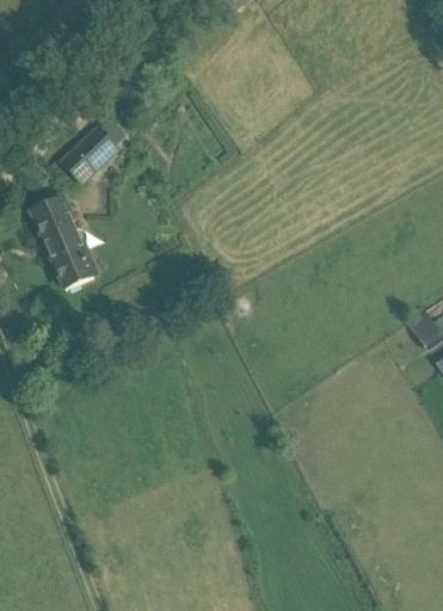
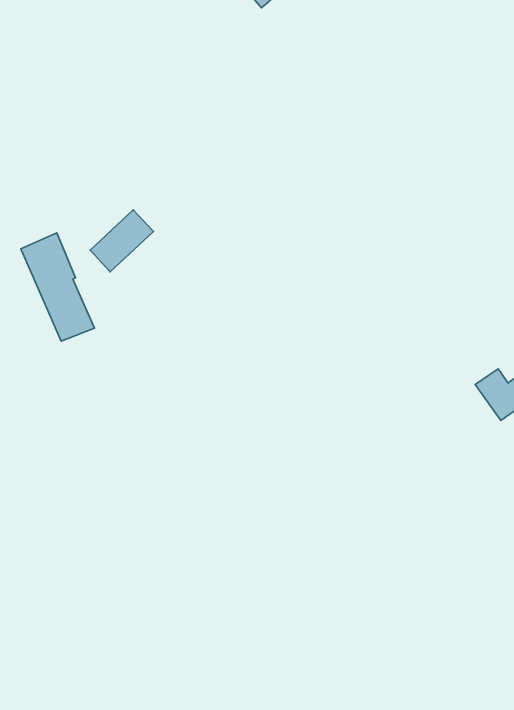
building: [61,126,113,178] -> [90,210,153,272]

